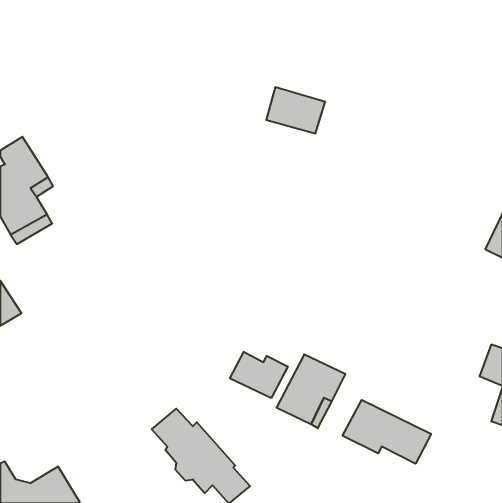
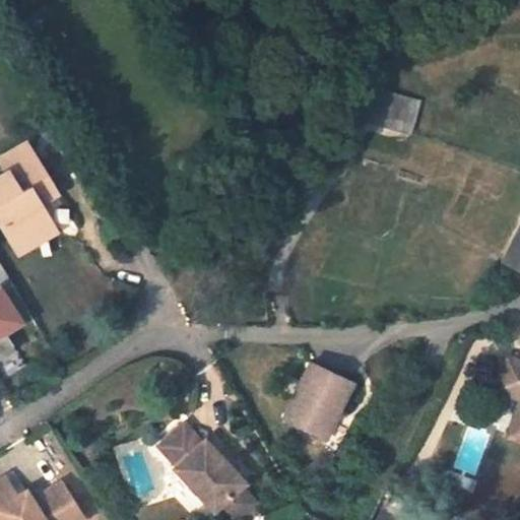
building: [266,87,325,133] -> [358,86,418,134]
building: [230,352,288,398] -> none
building: [343,400,431,464] -> none

